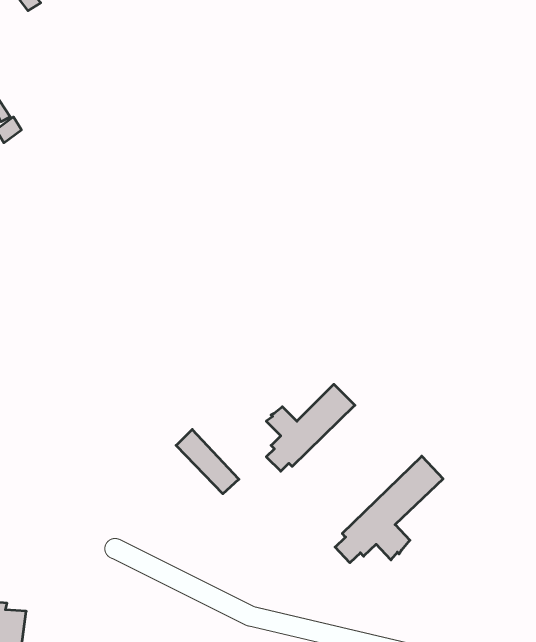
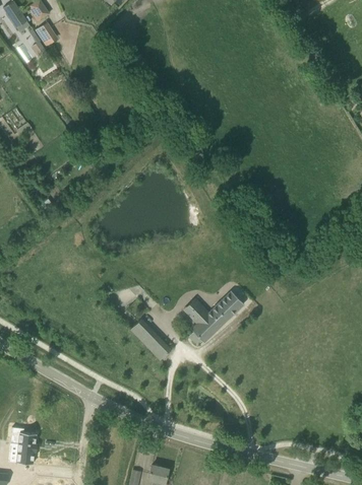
building: [335,456,443,563] -> none

